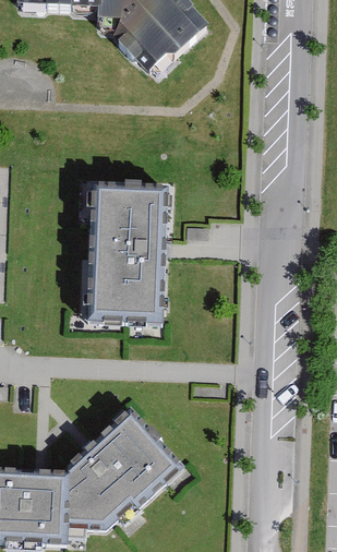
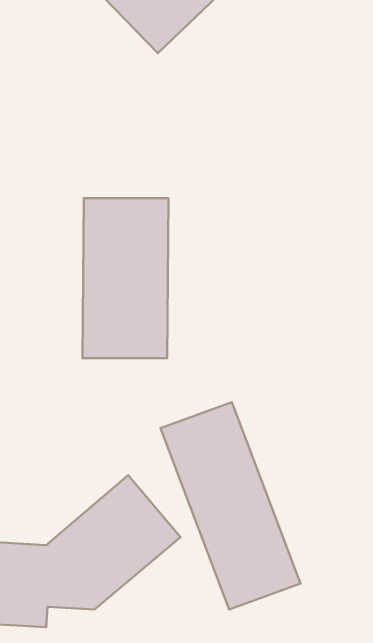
building: none -> [161,402,301,610]

